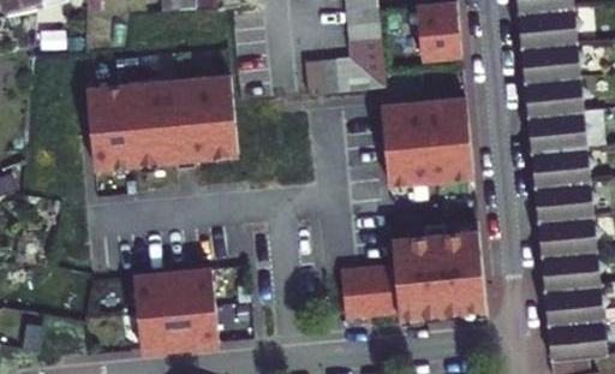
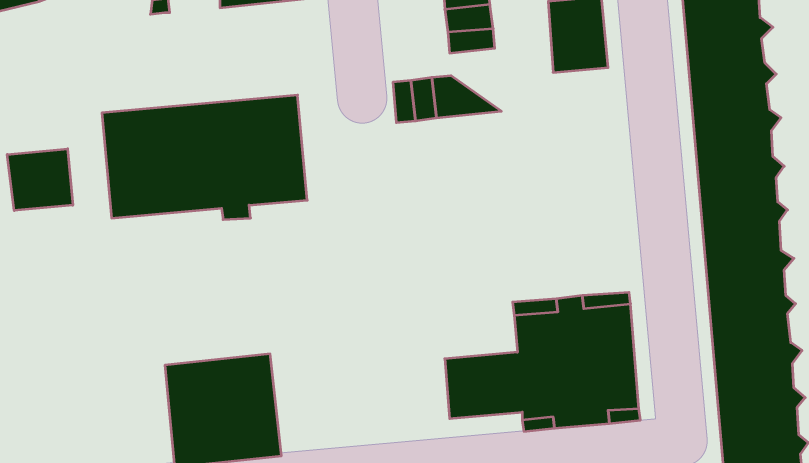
building: [344,41,382,88] -> none
building: [380,97,472,184] -> none
building: none -> [7,149,73,211]

